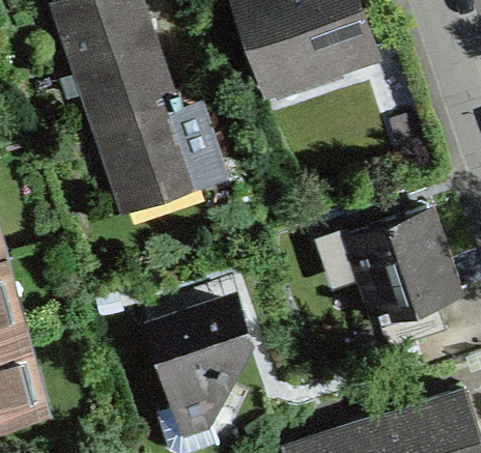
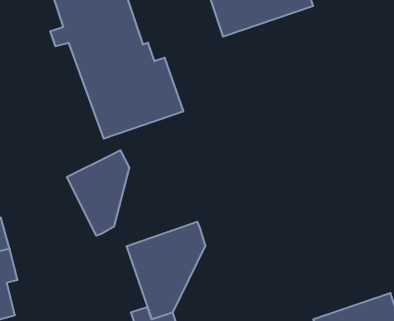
building: [349,209,457,351] -> none
building: none -> [67,150,129,236]

